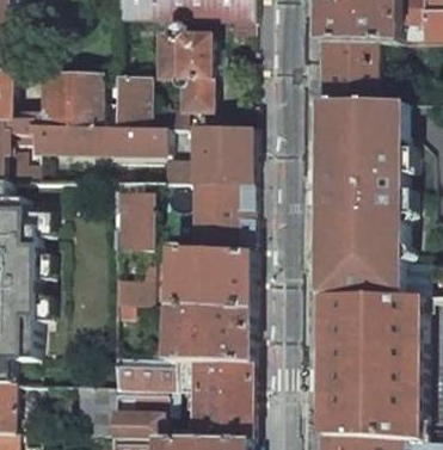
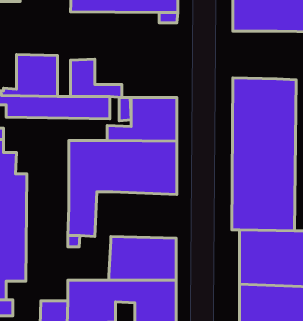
building: [155,25,210,112] -> none
building: [322,44,379,105] -> none
building: [166,249,251,309] -> none

